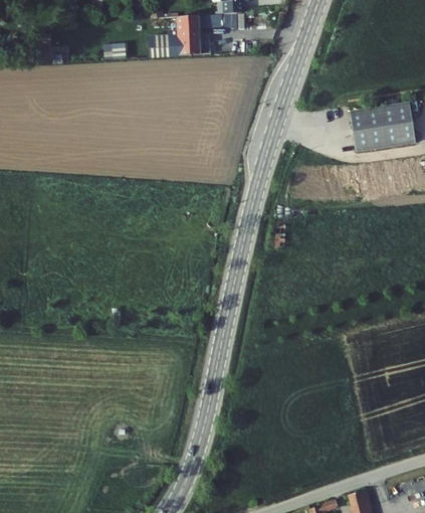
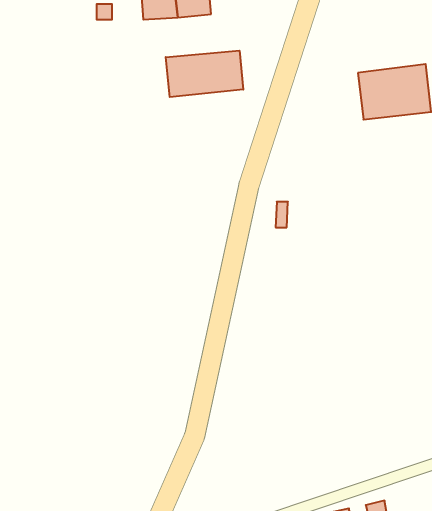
building: none -> [166,51,243,97]

